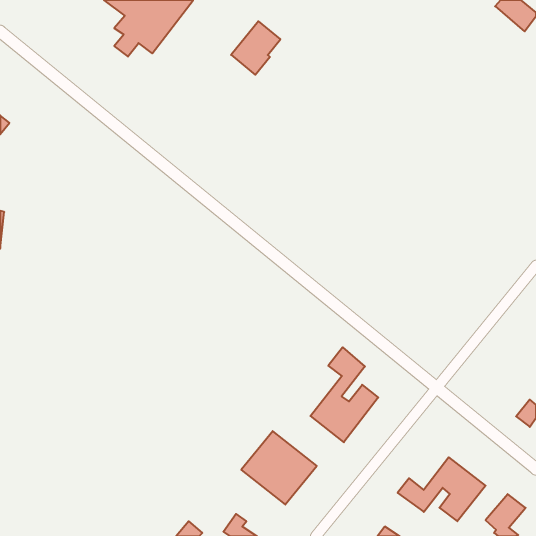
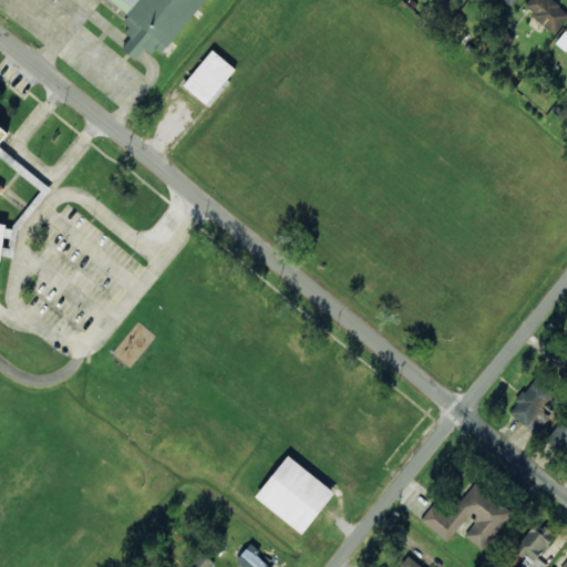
building: [231,21,280,75] -> [183,50,235,106]
building: [310,347,378,442] -> none
building: none -> [507,379,553,434]

